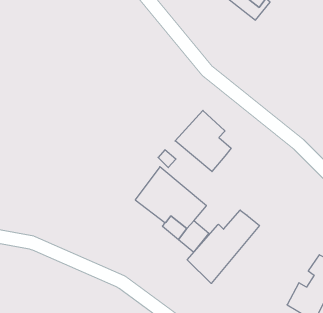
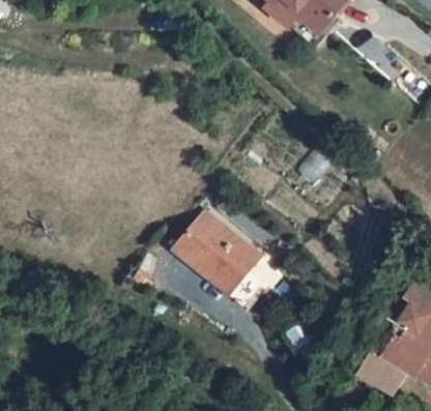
building: [175,110,231,172] -> none
building: [187,210,259,283] -> none

